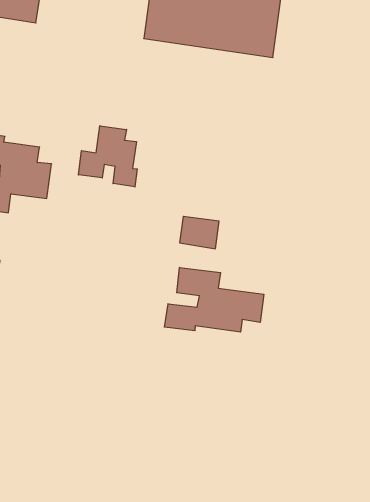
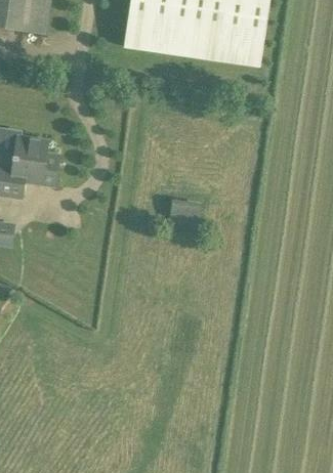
building: [78,126,137,187] -> none
building: [164,267,264,332] -> none

